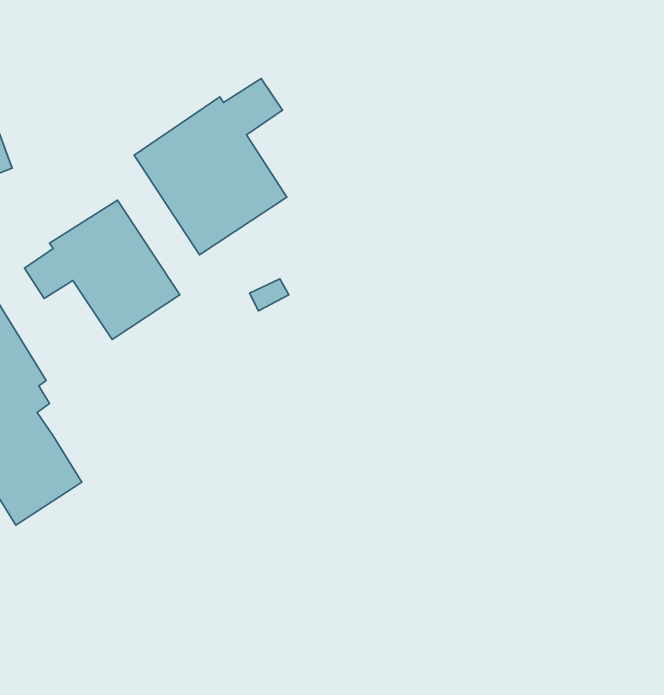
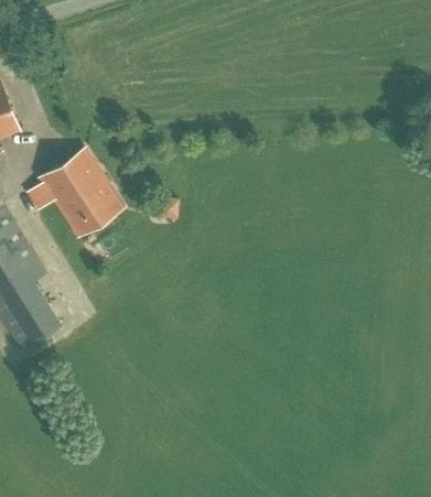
building: [134,79,287,255] -> none

